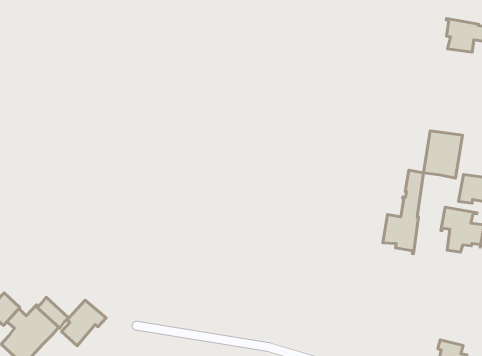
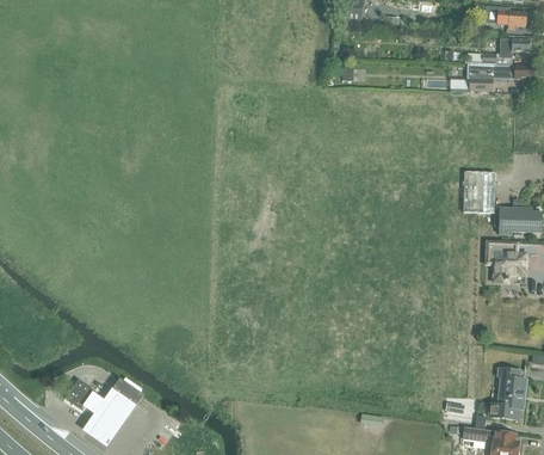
building: [383,170,423,254] -> none
building: [61,300,106,346] -> none

